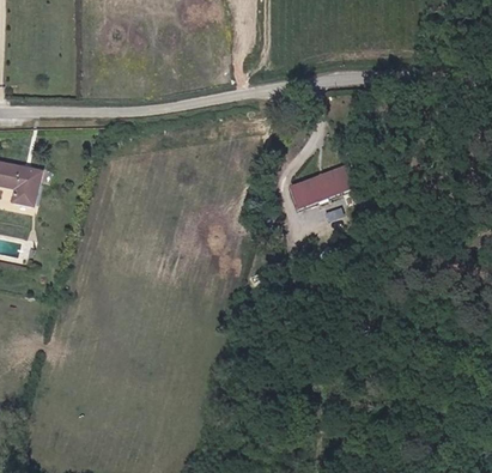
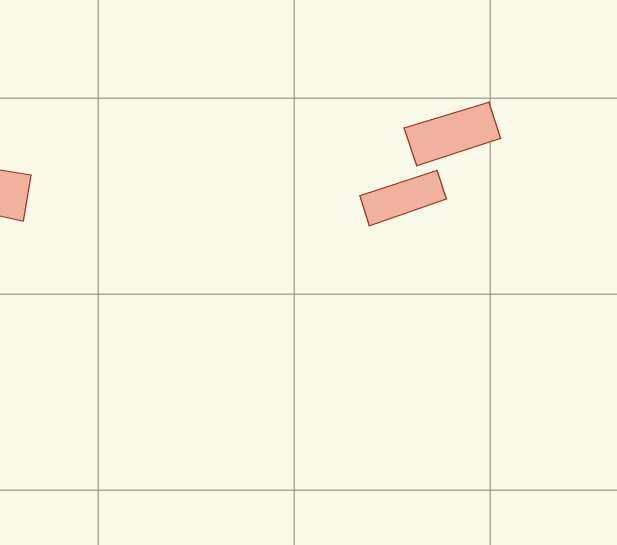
building: none -> [404,102,501,166]

